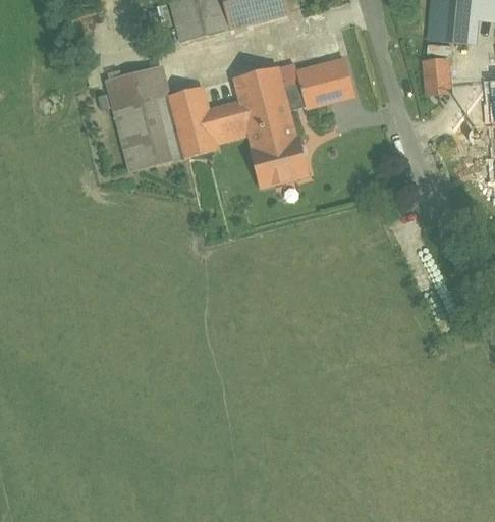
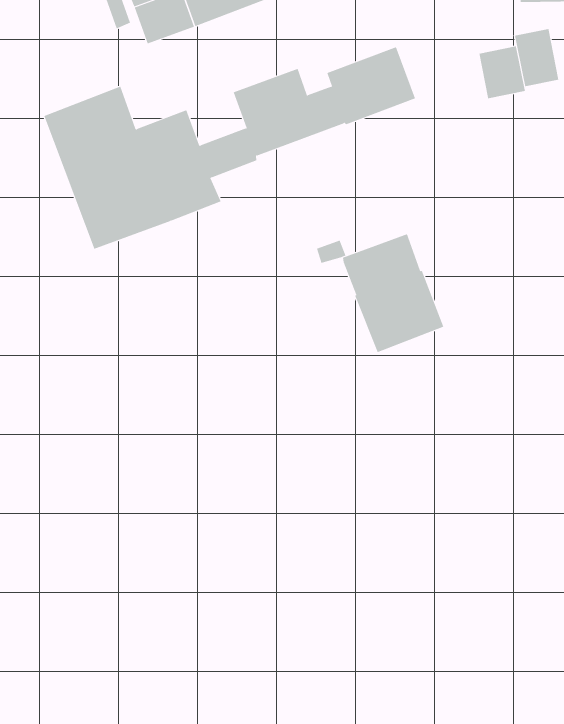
building: none -> [479,46,525,99]
building: [244,110,307,187] -> [342,234,444,353]

